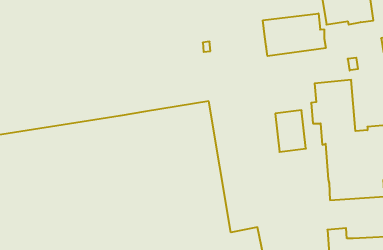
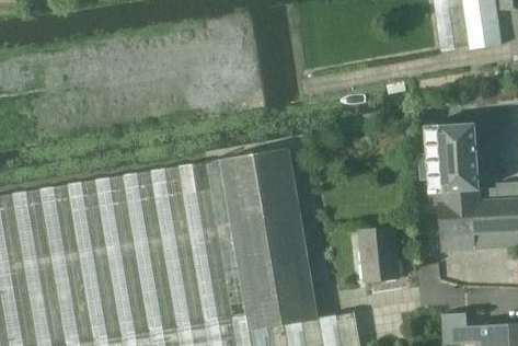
building: [263,13,326,56] -> none
building: [275,110,306,152] -> [358,228,398,281]

